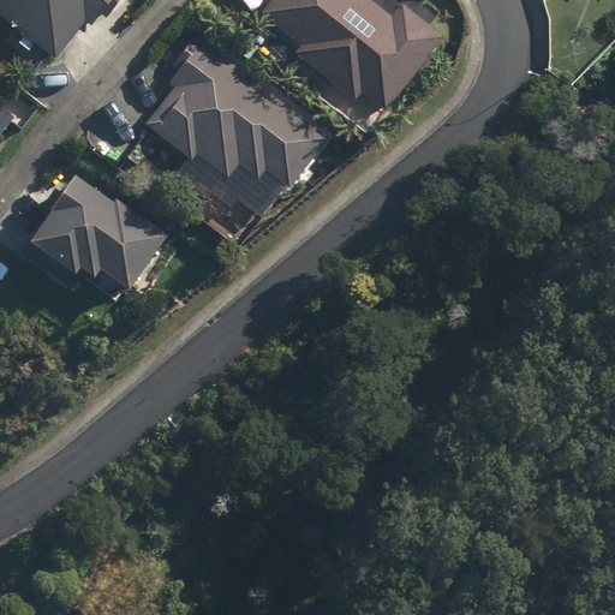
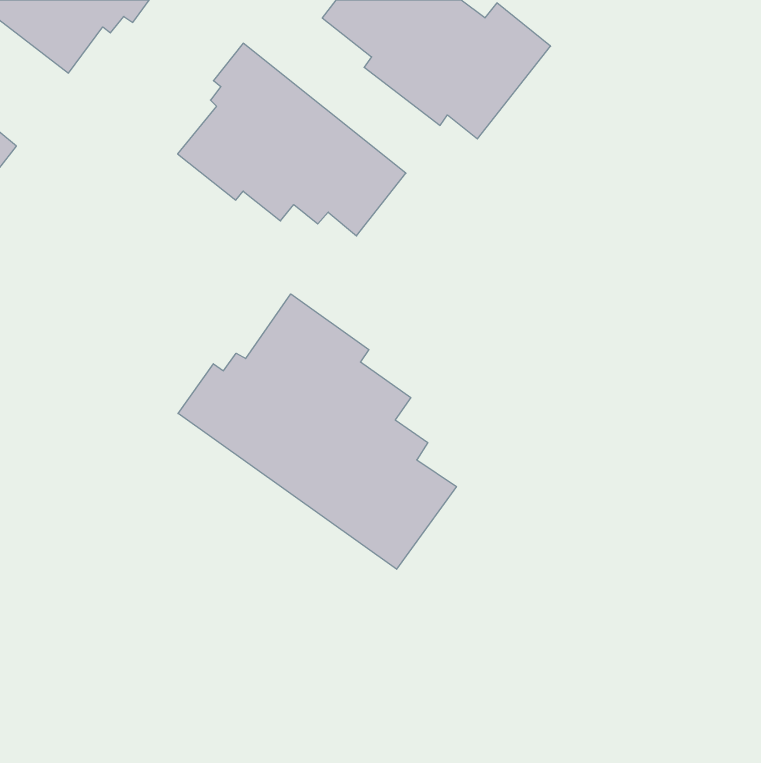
building: [19,177,166,289] -> none
building: none -> [178,294,456,569]

